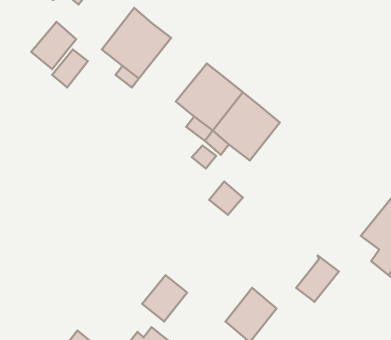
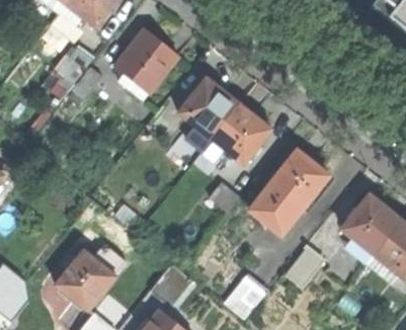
building: none -> [250,150,329,235]
building: none -> [57,249,127,309]

